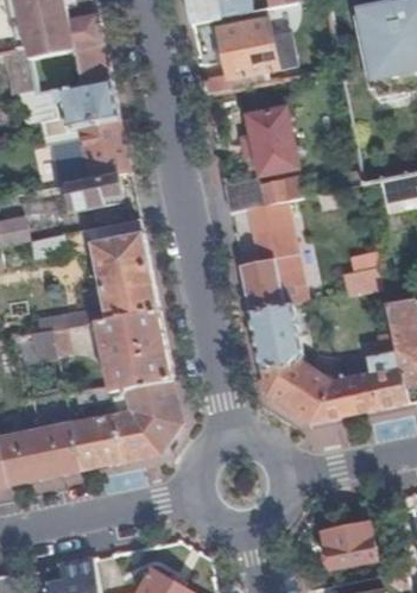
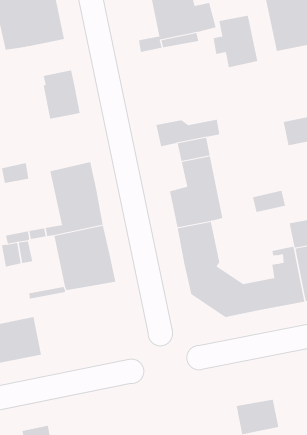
building: [39,80,118,145] -> none
building: [240,111,296,176] -> [213,15,258,68]
building: [61,174,121,210] -> none
building: [71,379,182,469] -> none

